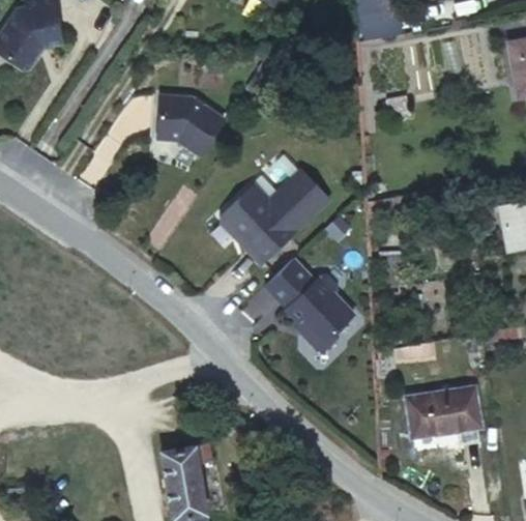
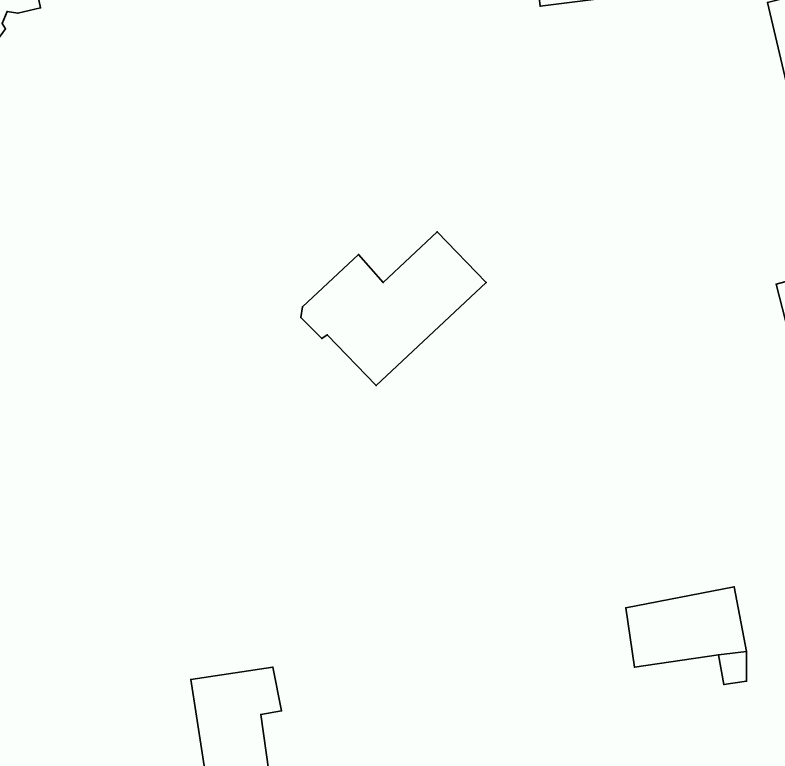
building: [156,98,223,156] -> none
building: [267,262,356,352] -> none

